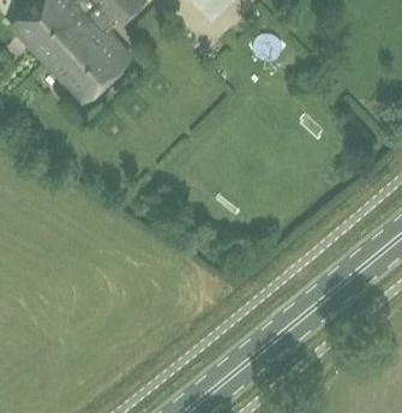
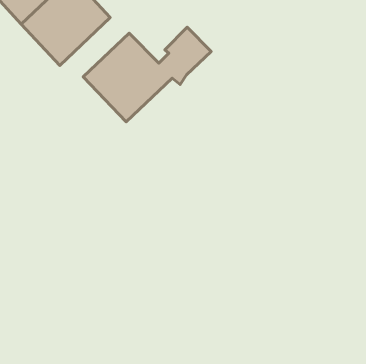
building: none -> [83,27,211,122]

